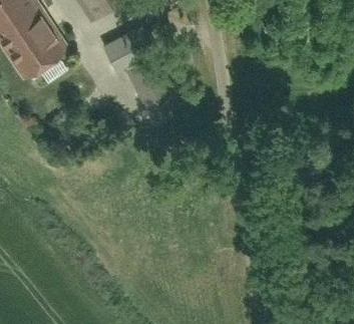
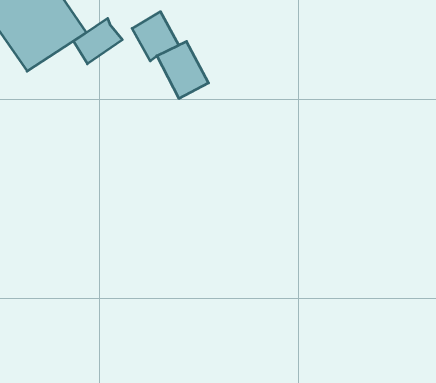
building: none -> [73,18,122,64]

